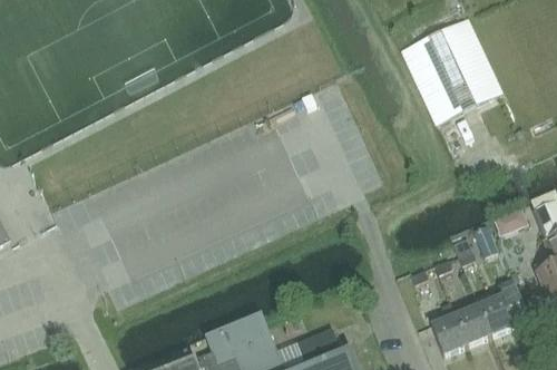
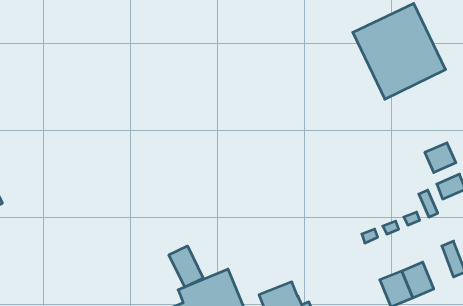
building: none -> [425,143,456,173]
building: none -> [169,246,203,287]
building: [478,294,515,334] -> none

